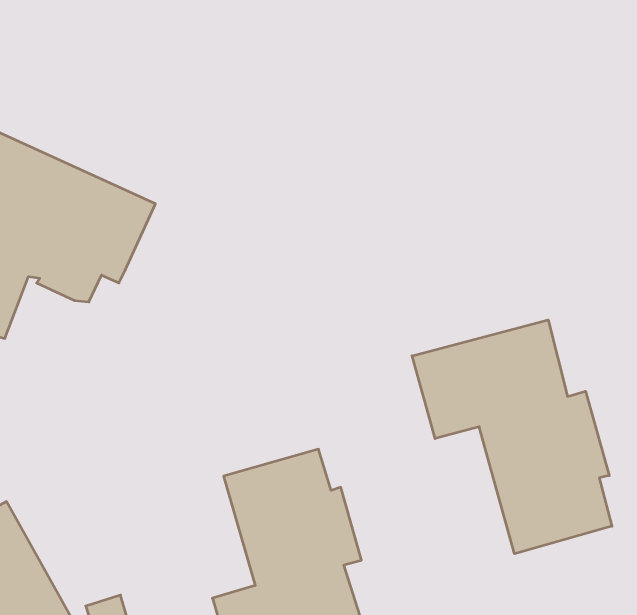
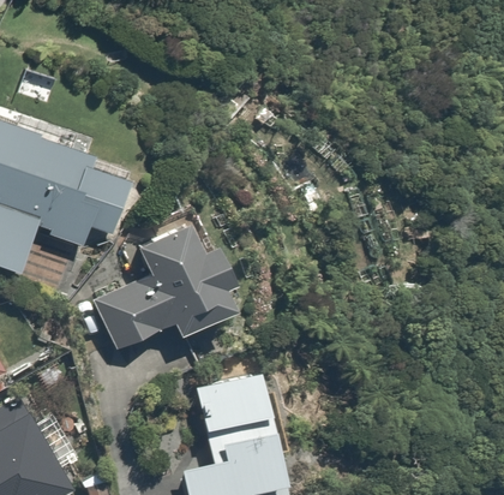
building: none -> [88,219,238,354]
building: [412,320,612,554] -> none

